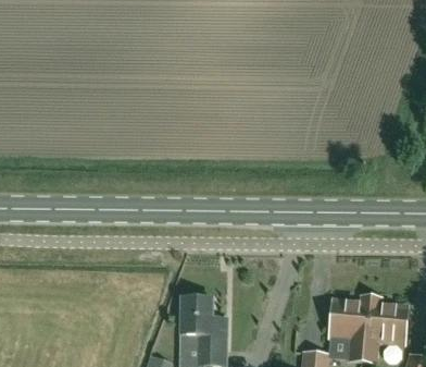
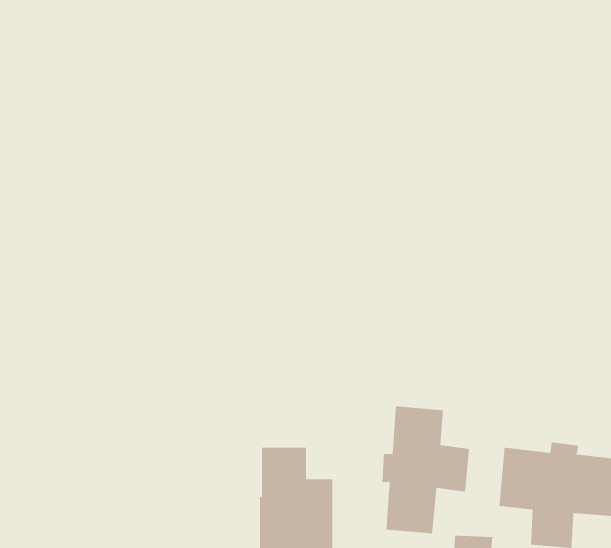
building: none -> [381,405,470,534]

